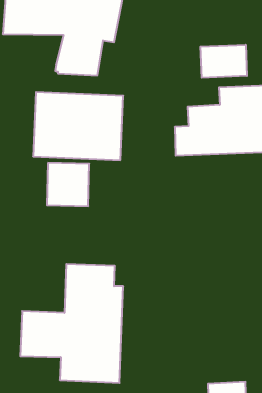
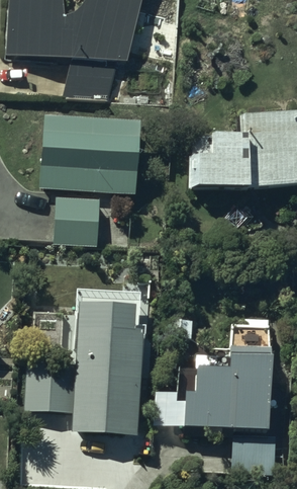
building: [200,45,247,78] -> none
building: none -> [155,346,269,427]

